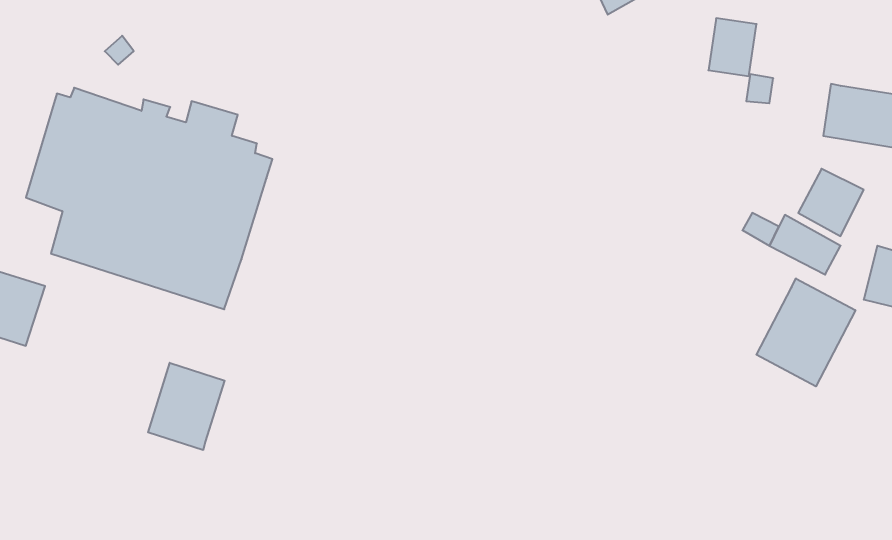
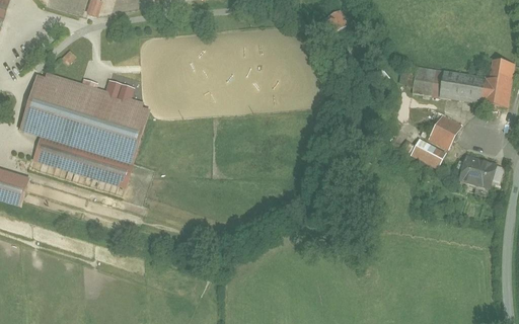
building: [708,18,757,76] -> [418,67,443,97]
building: [756,278,855,386] -> none
building: [148,363,225,450] -> none

